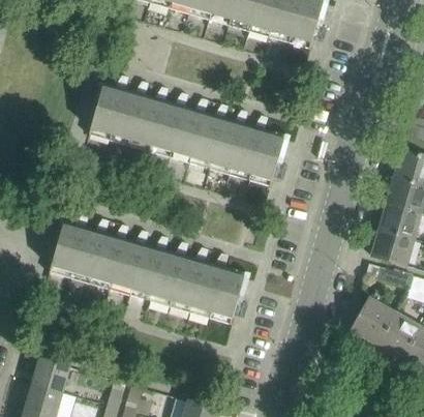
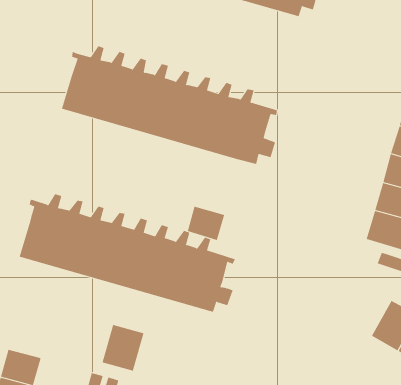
building: none -> [187,206,225,241]
building: [351,290,395,347] -> none
building: none -> [102,324,144,371]

